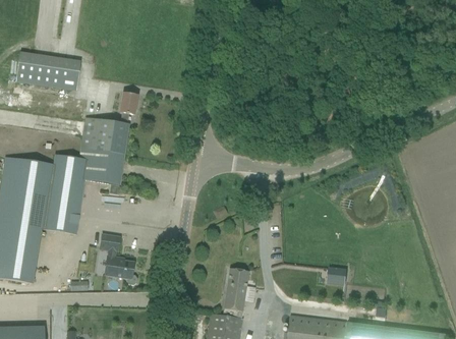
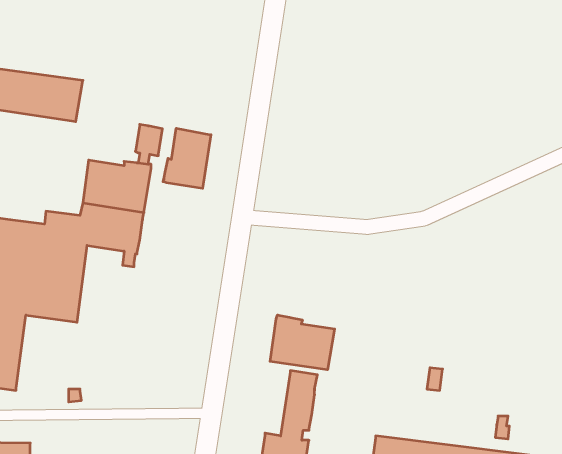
building: none -> [163,128,211,188]
building: none -> [270,315,335,370]
building: [100,234,136,285] -> none

